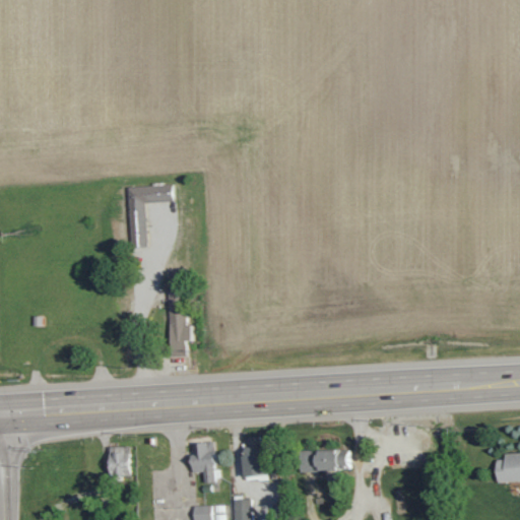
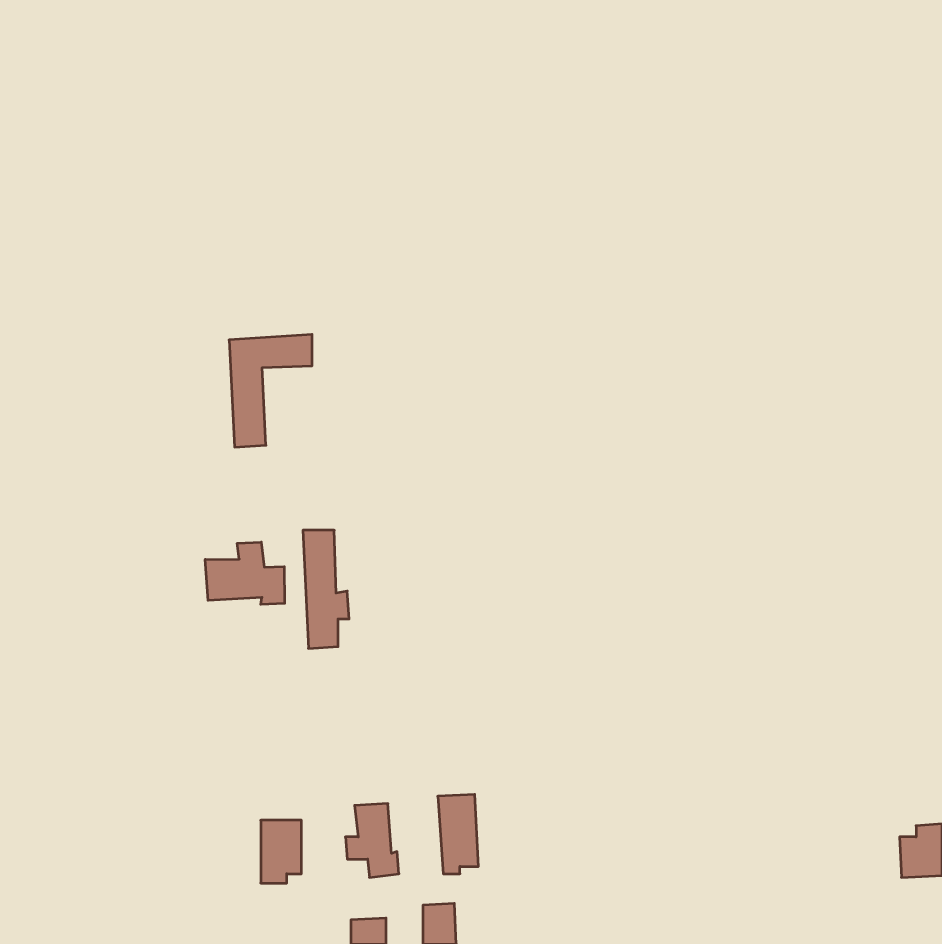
building: none -> [205,542,285,604]
building: [108,447,130,481] -> [261,820,301,883]
building: [300,450,349,471] -> none

